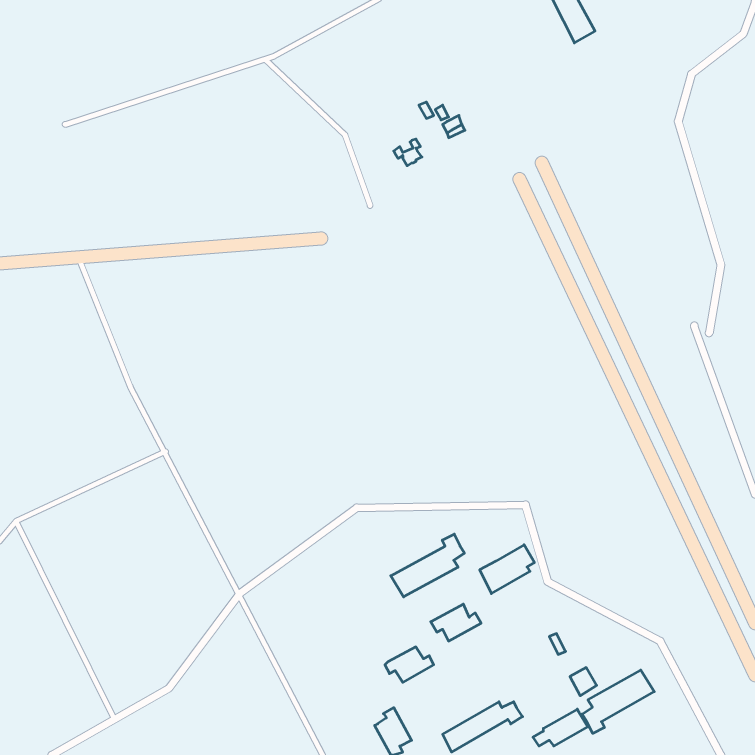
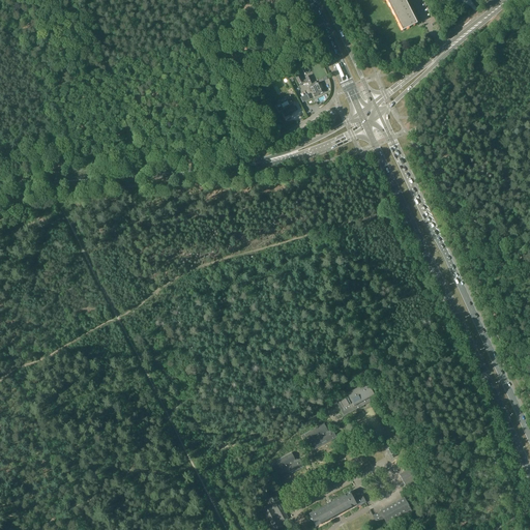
building: [391,534,464,597] -> none
building: [582,670,654,733] -> none

